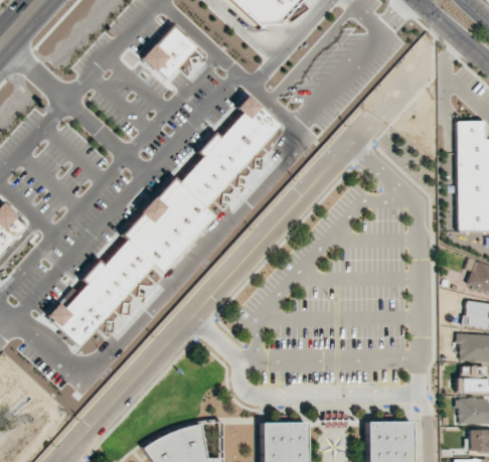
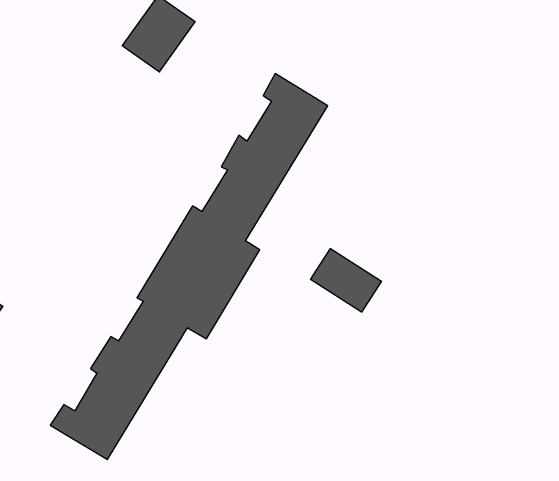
building: none -> [311,249,381,312]

